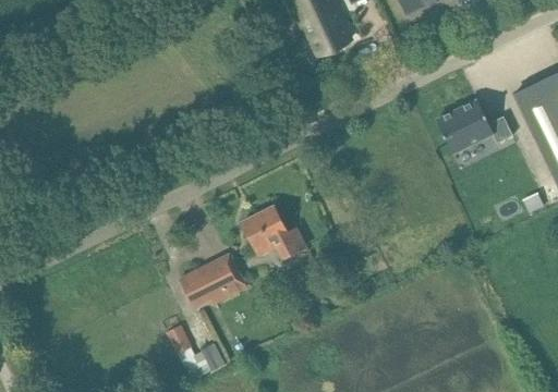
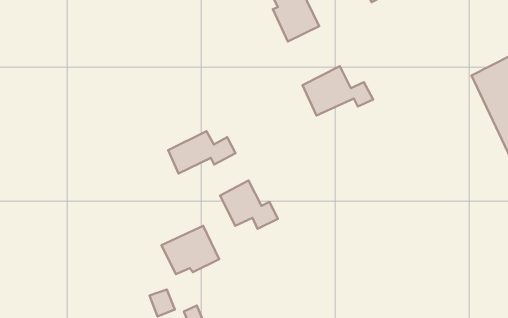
building: [437,100,513,154] -> [302,66,373,116]
building: none -> [168,131,235,174]

